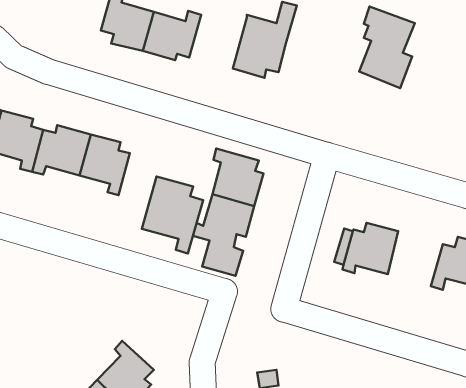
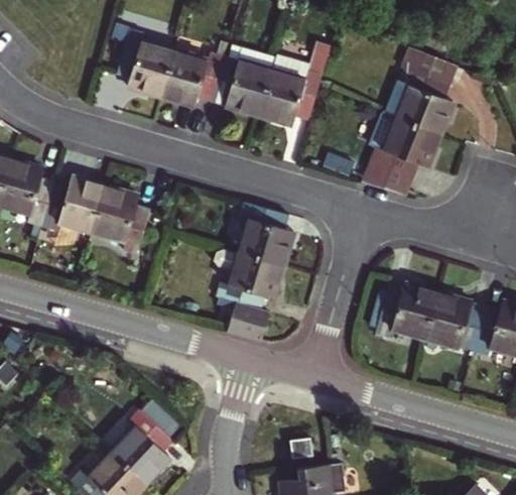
building: none -> [213,47,275,116]
building: none -> [362,119,441,197]
building: [142,177,203,254] -> none
building: none -> [428,292,488,352]

